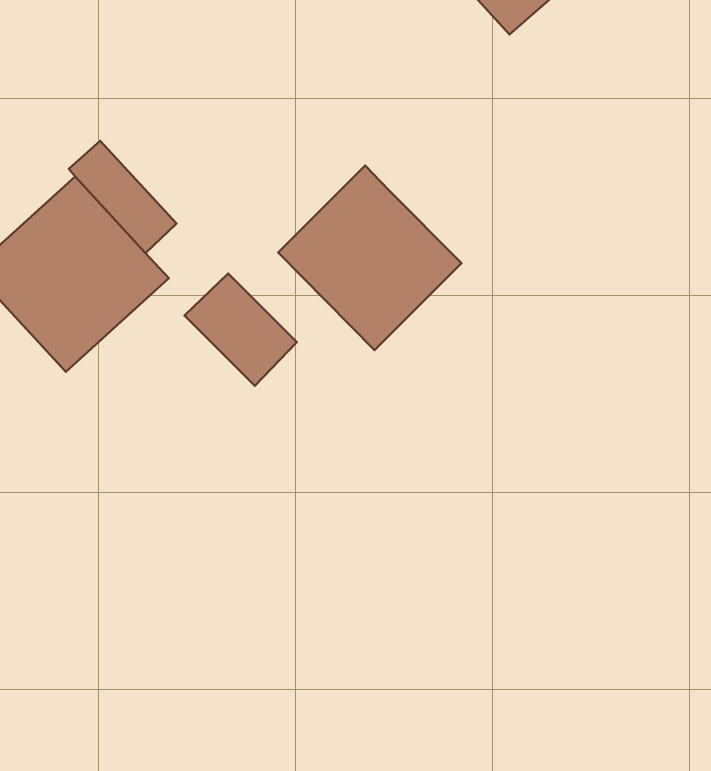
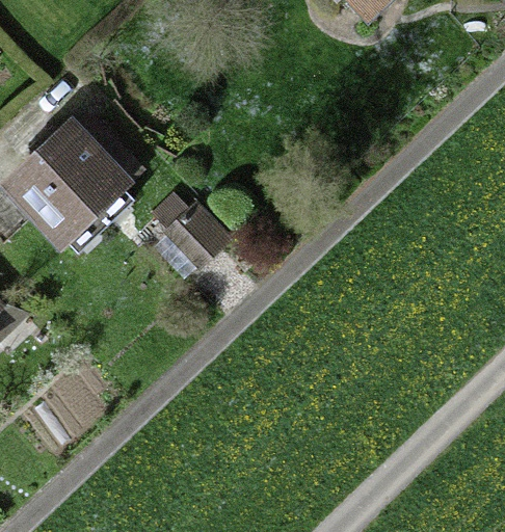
building: [278,166,462,350] -> none

